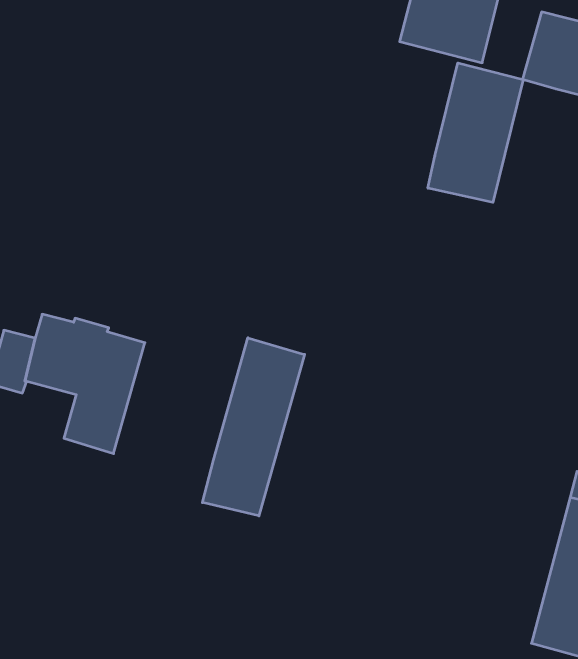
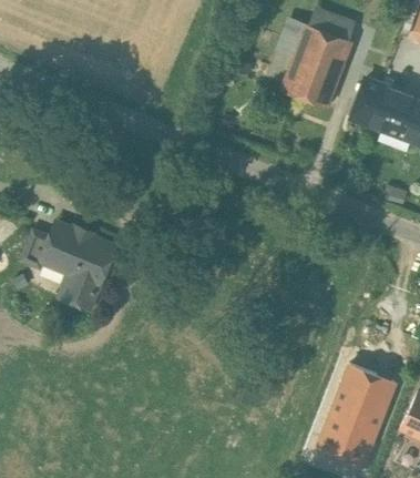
building: [428,63,523,202] -> none
building: [202,338,305,516] -> none

